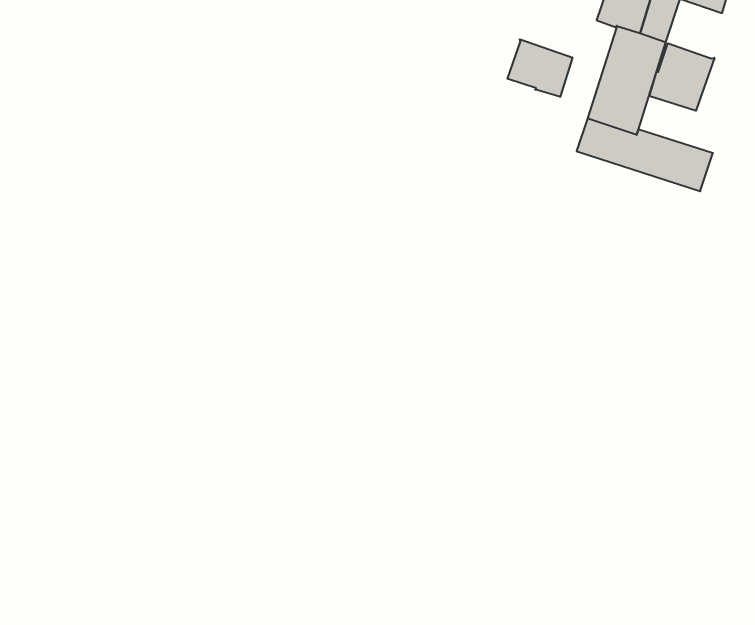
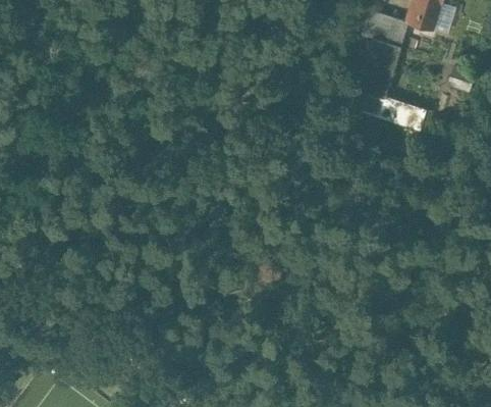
building: [507,39,572,97] -> none
building: [649,43,714,111] -> none

